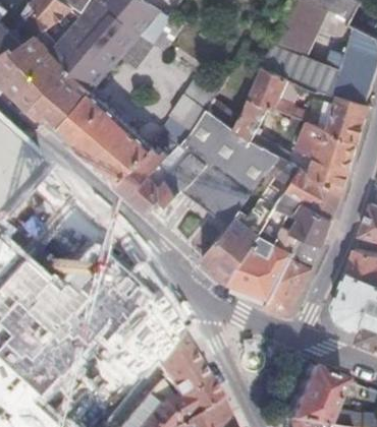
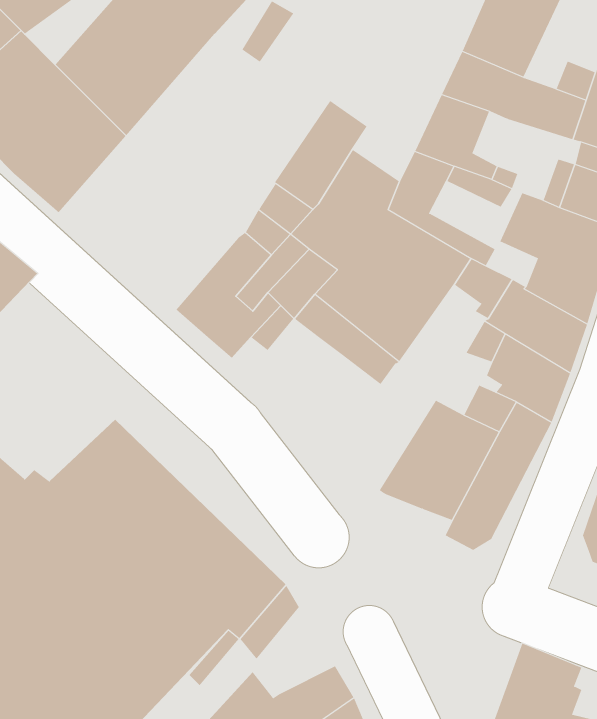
building: [55,91,152,185] -> none
building: [201,211,268,283] -> none
building: [162,346,205,392] -> none

